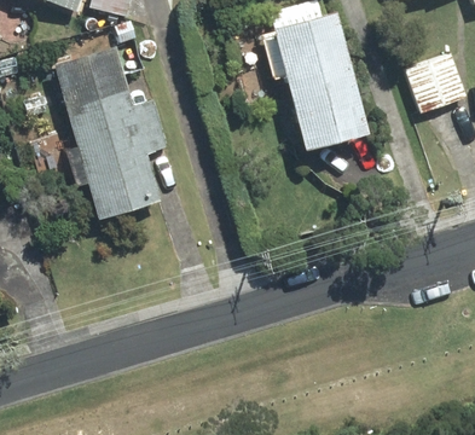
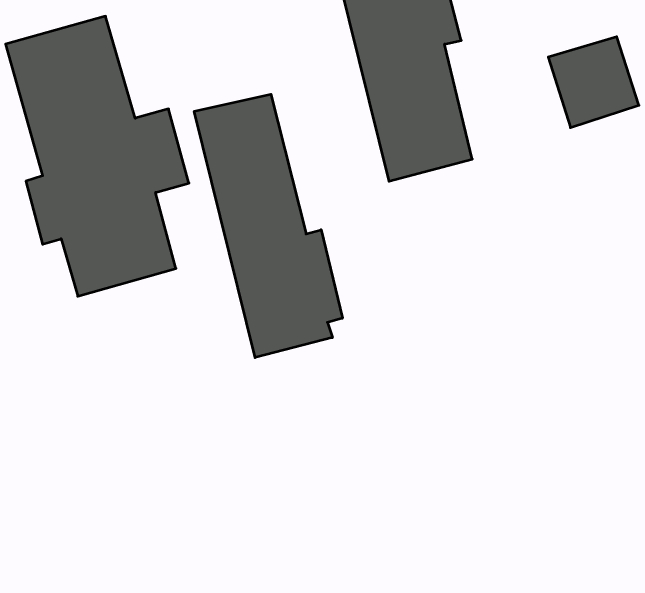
building: none -> [194,94,342,358]

